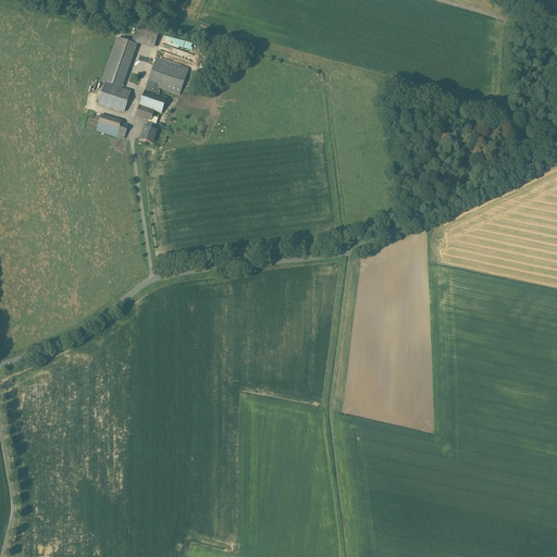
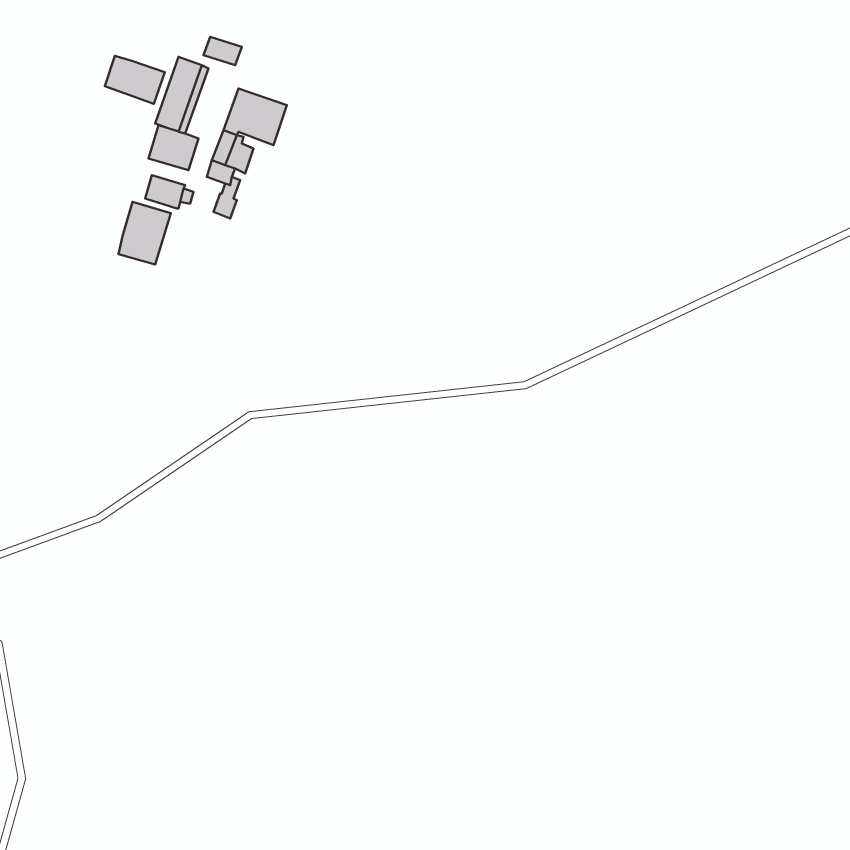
building: none -> [105,56,165,104]
building: none -> [118,202,171,264]

